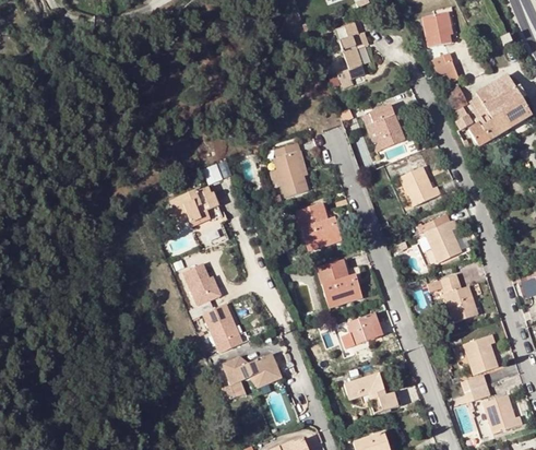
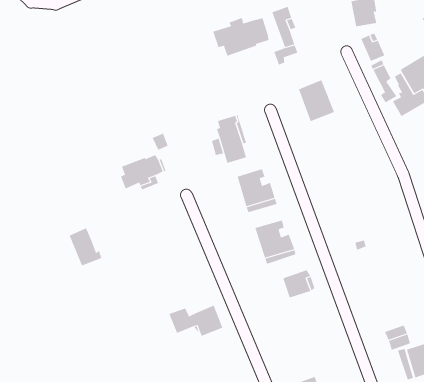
building: none -> [213,17,269,57]
building: [400,166,440,206] -> none
building: [421,214,460,262] -> none
building: [183,262,221,305] -> [69,228,102,266]
building: [440,274,478,322] -> none
building: [204,303,242,352] -> none
building: [464,334,498,375] -> none
building: [345,374,402,413] -> none

